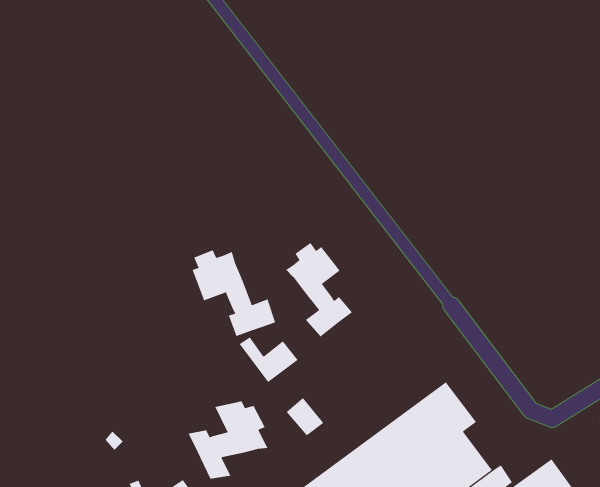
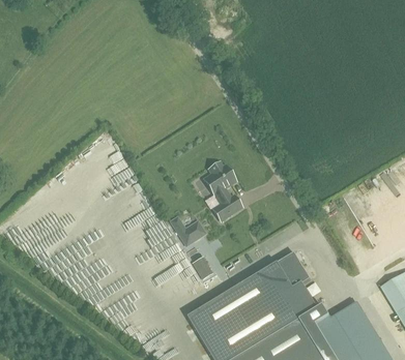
building: [192,250,276,337] -> none
building: [188,400,268,480] -> none

